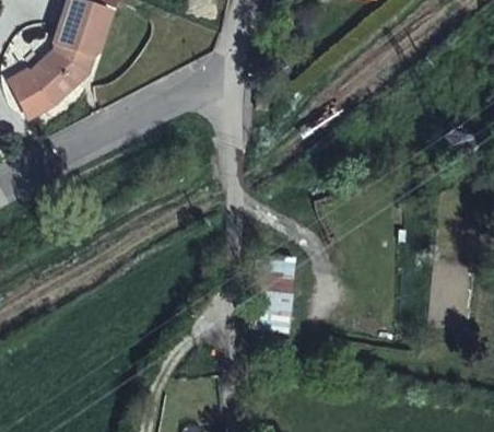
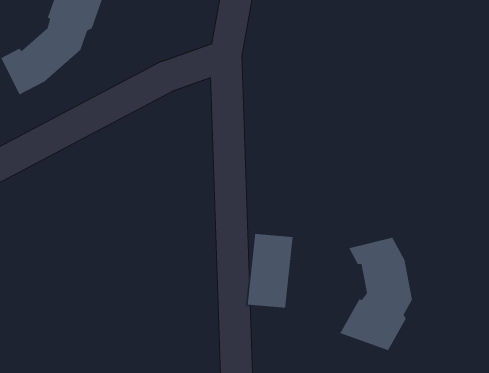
building: none -> [339,237,413,351]

